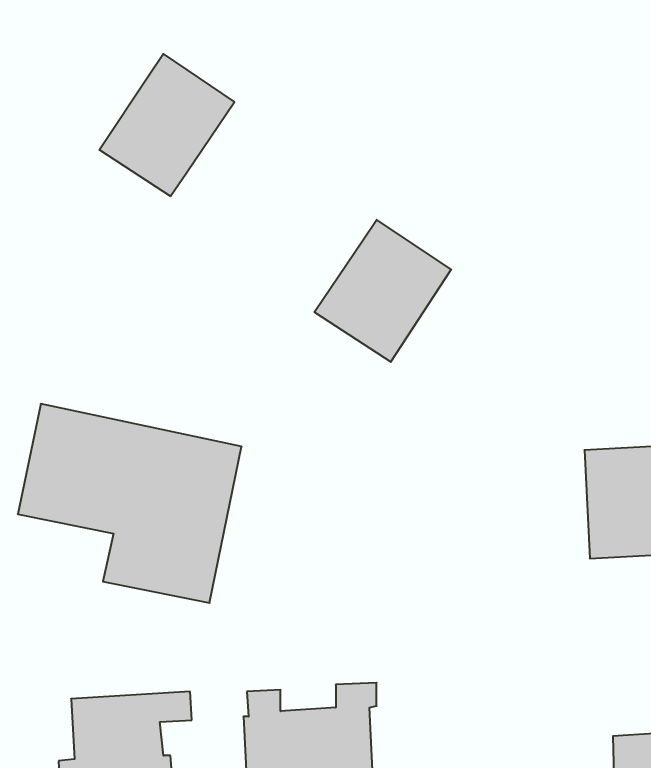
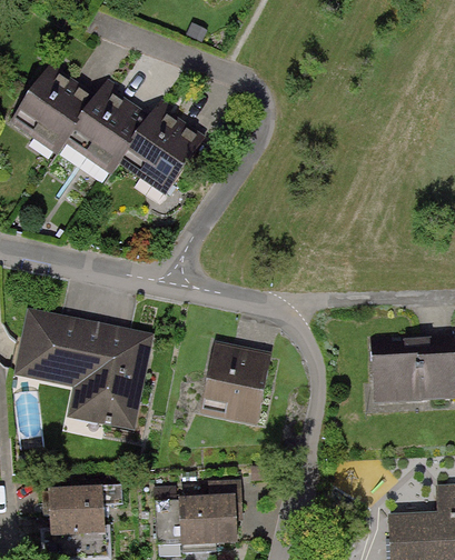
building: none -> [9,68,96,157]
building: [314,220,451,362] -> [119,103,205,192]
building: none -> [200,341,271,424]

